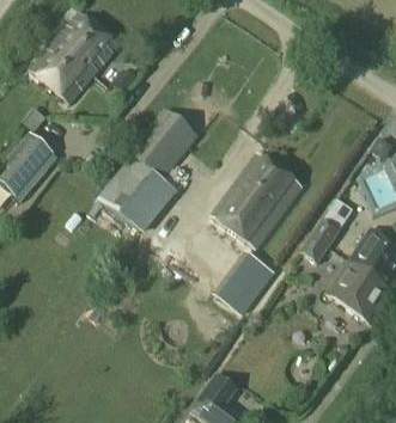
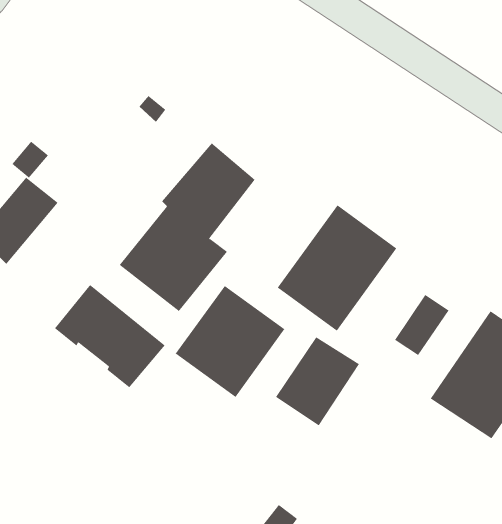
building: [31,13,118,103] -> none
building: none -> [54,284,166,388]
building: none -> [175,285,285,398]

